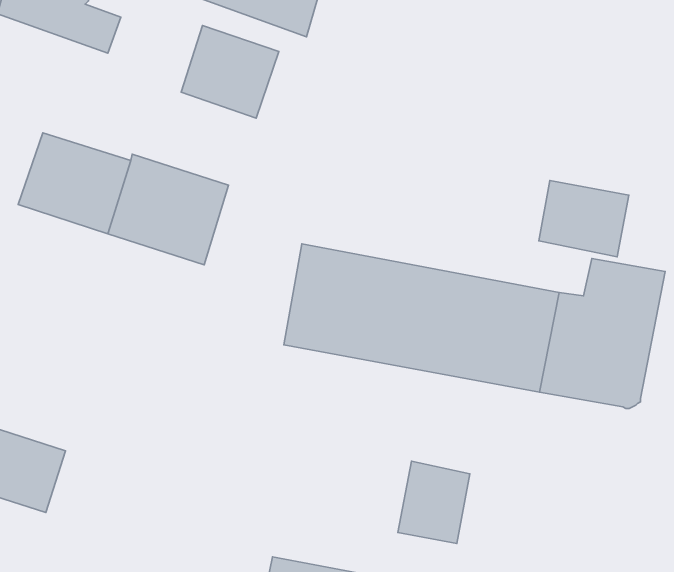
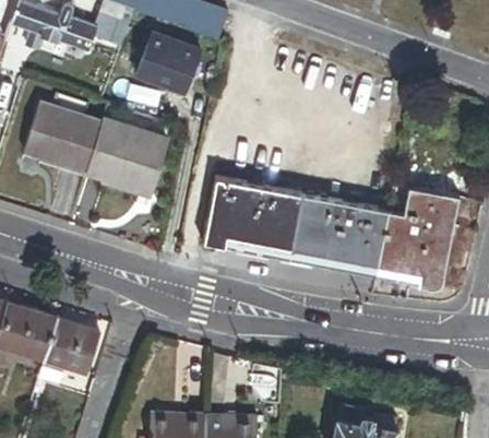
building: [539,180,629,257] -> none
building: none -> [40,317,99,377]
building: [398,461,470,544] -> none

